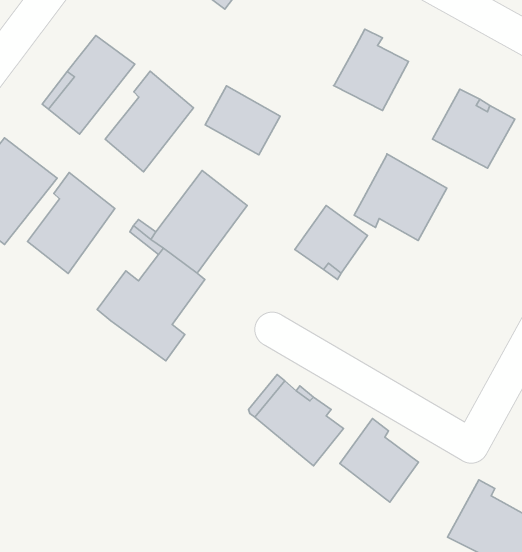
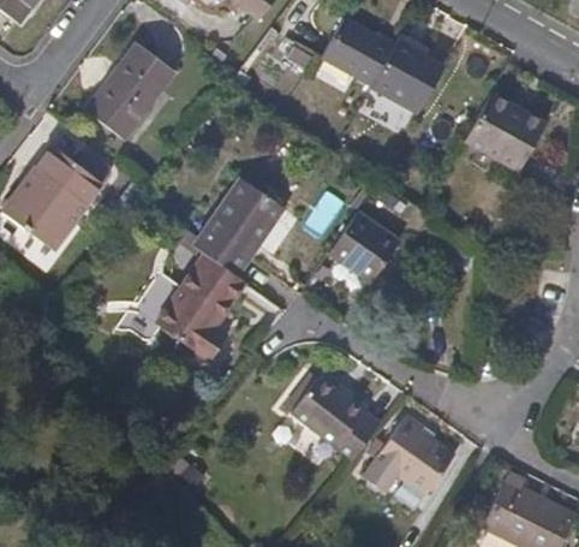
building: [105,71,193,172] -> none
building: [205,86,280,155] -> [318,26,390,93]
building: [354,154,447,241] -> none
building: [27,173,115,273] -> none

